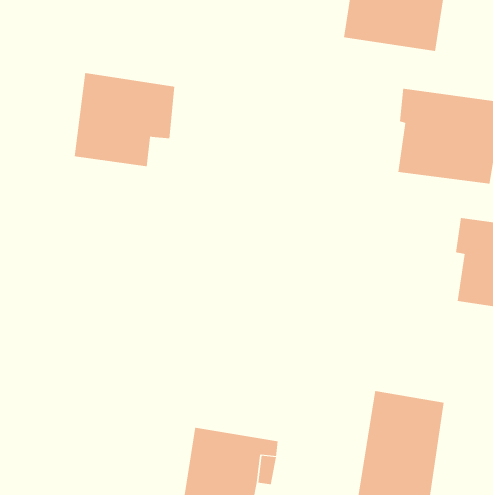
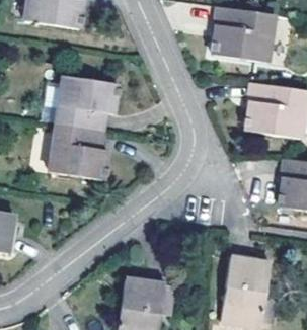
building: none -> [51,122,108,178]

